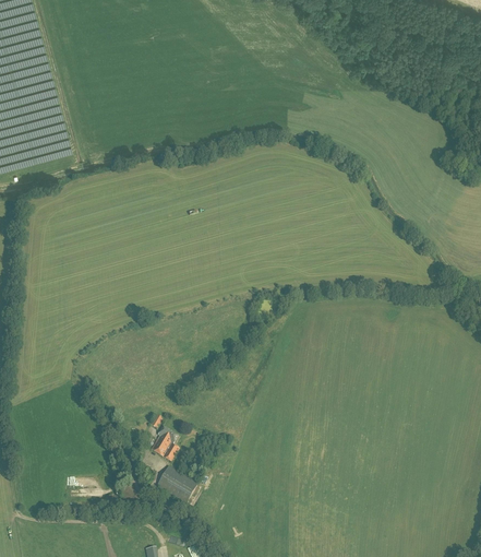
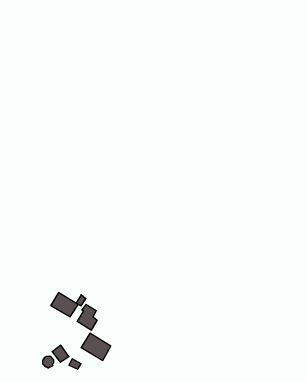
building: none -> [51,292,78,317]

